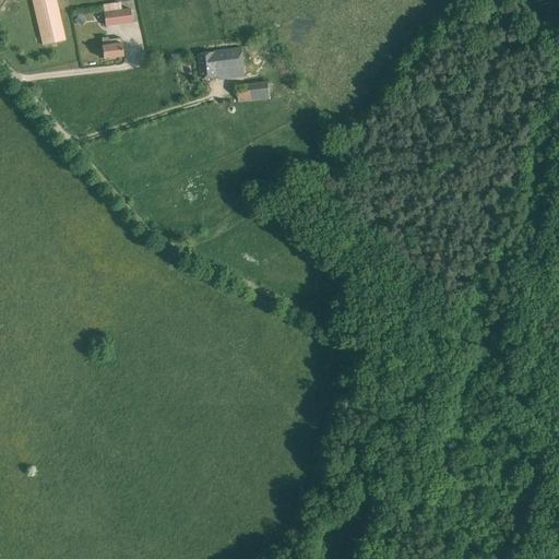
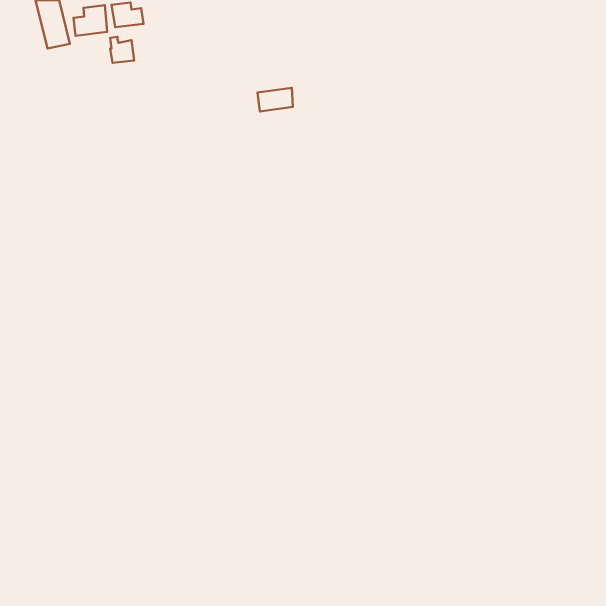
building: none -> [74,5,107,36]
building: [199,48,246,79] -> none

